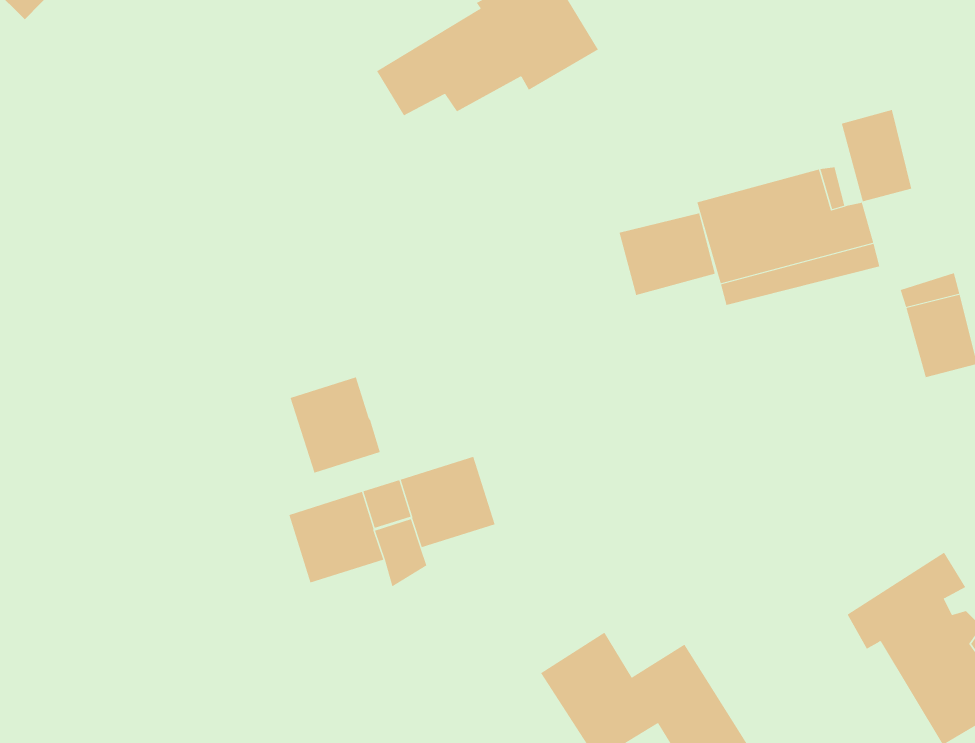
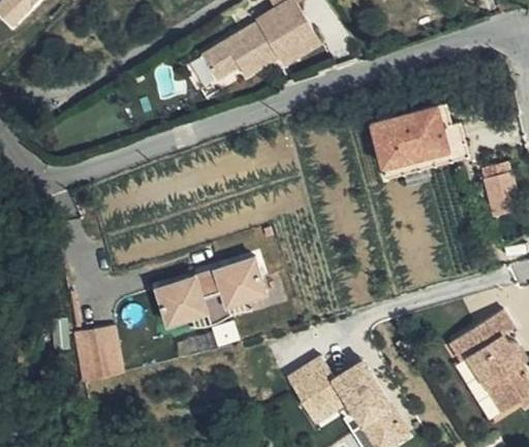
building: [841,109,912,202] -> none
building: [619,213,716,296] -> none
building: [290,376,380,473] -> none
building: none -> [71,327,123,384]

